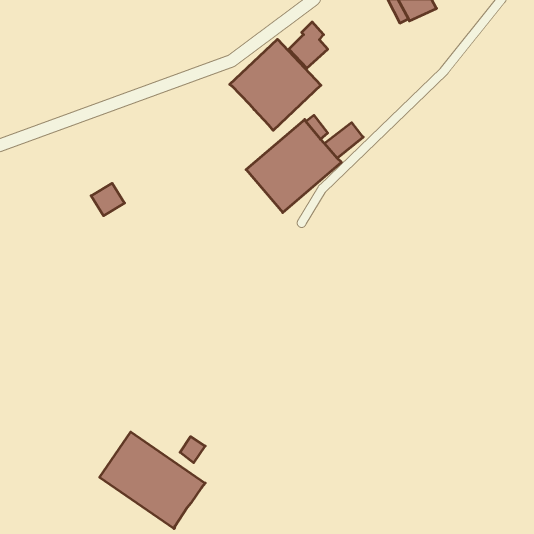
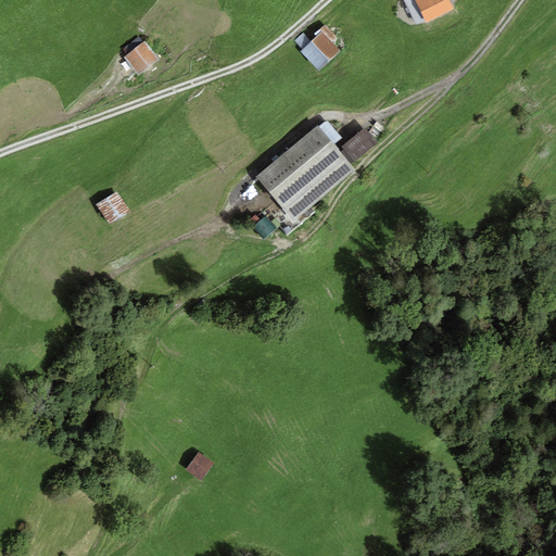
building: [230,39,321,130] -> none
building: none -> [125,42,157,75]
building: [100,432,205,529] -> none

